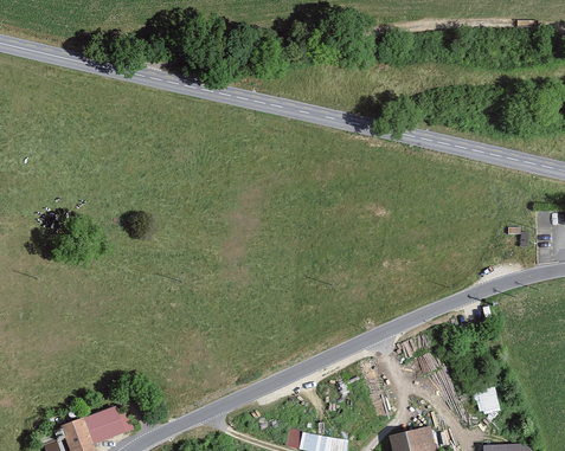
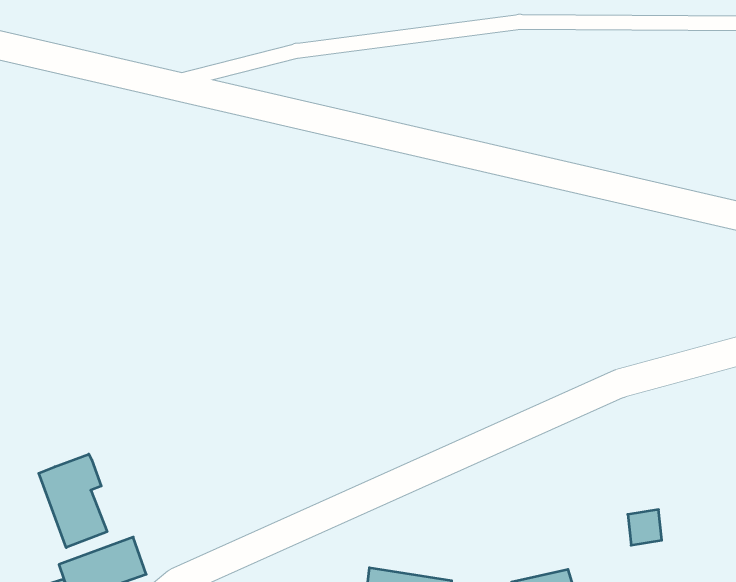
building: none -> [39,454,107,548]

